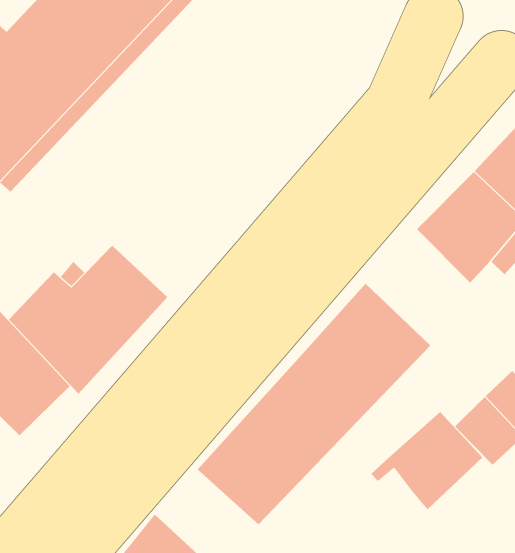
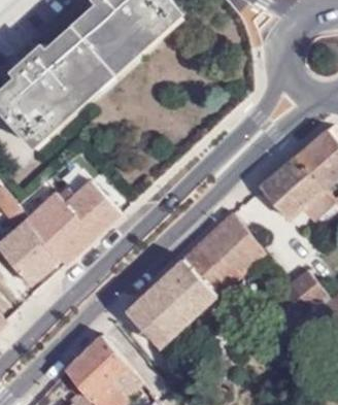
building: [371,411,483,510] -> none

